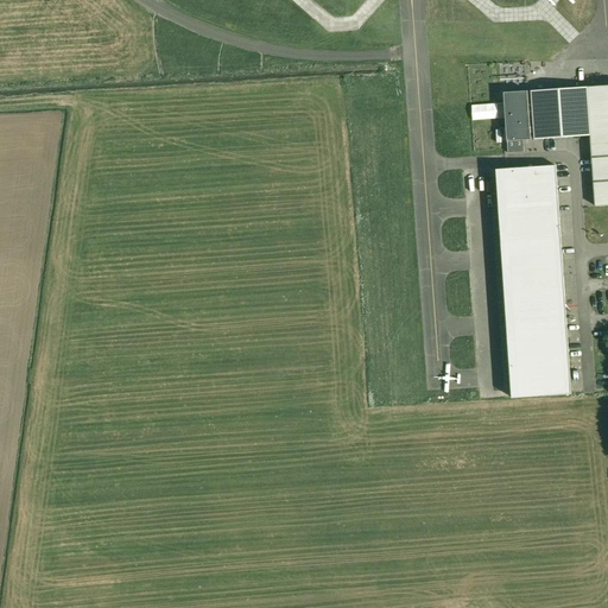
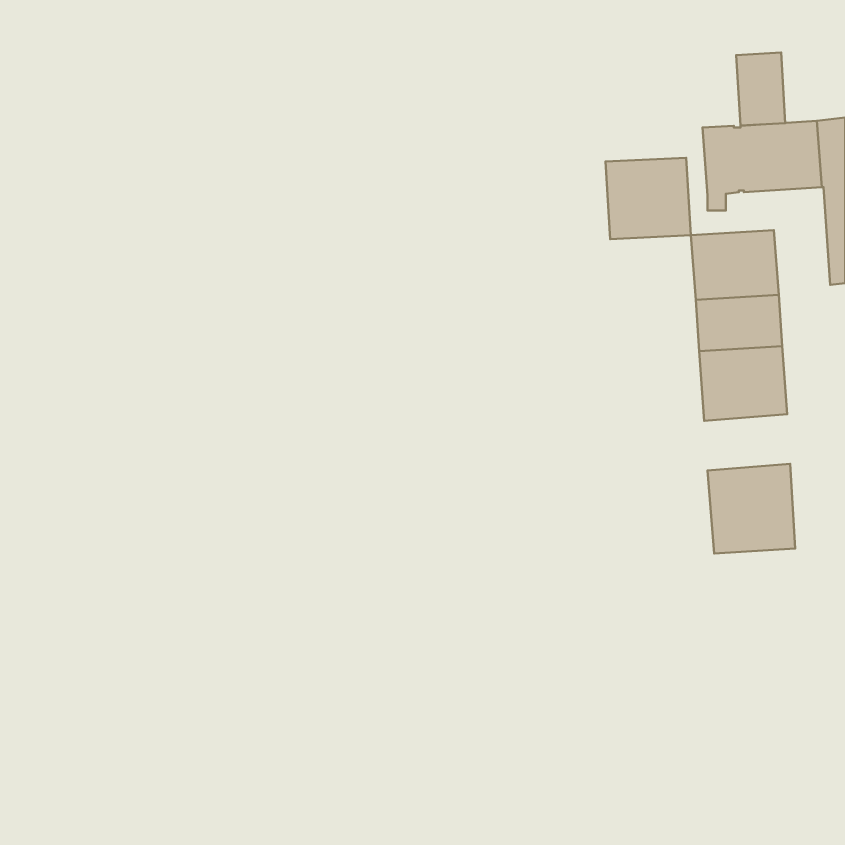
building: none -> [736,53,785,126]
building: none -> [606,158,691,239]
building: [505,297,566,337] -> none

